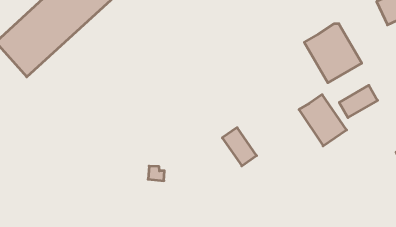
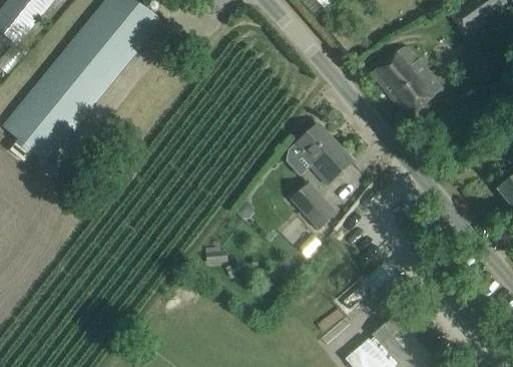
building: [339,85,378,118] -> none
building: [299,95,347,146] -> [292,122,352,183]

